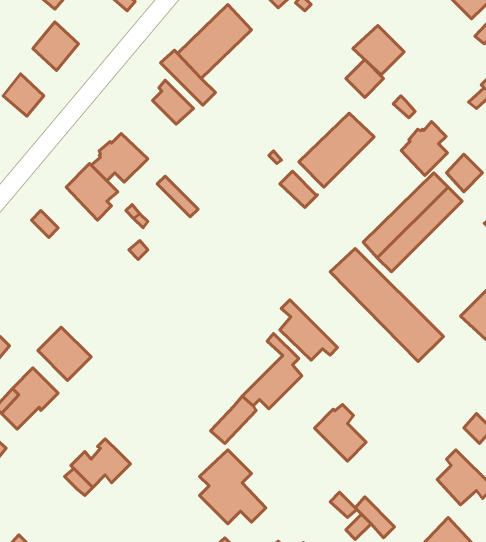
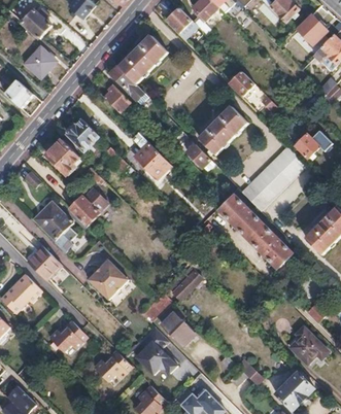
building: [353,26,404,75] -> none
building: [401,122,448,176] -> none
building: none -> [138,138,169,175]
building: none -> [69,195,100,226]
building: none -> [35,203,75,252]
building: [280,300,338,360] -> none
building: none -> [87,258,127,298]
building: [314,405,366,461] -> [161,309,195,346]
building: none -> [95,349,132,380]

